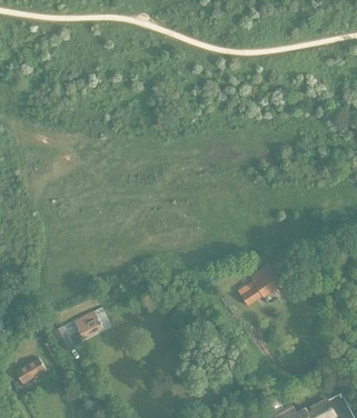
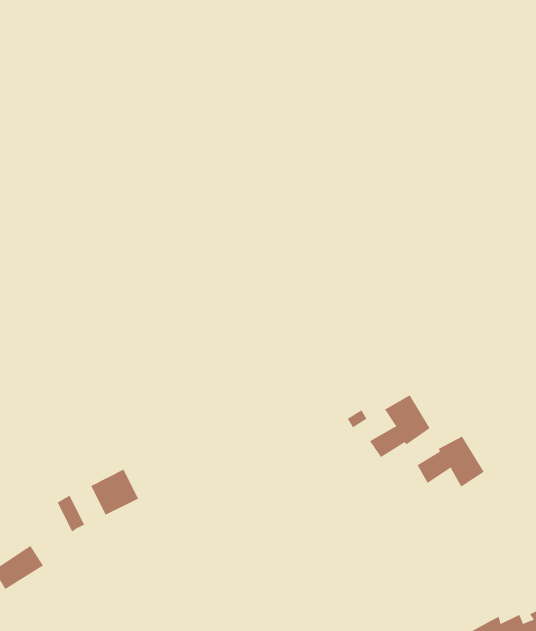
building: none -> [417,436,484,487]

